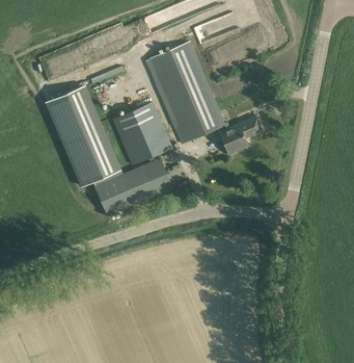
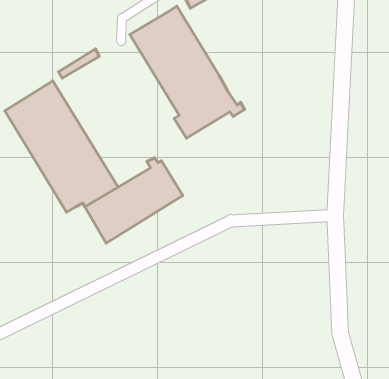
building: [111,102,171,164] -> none
building: [219,116,261,154] -> none

